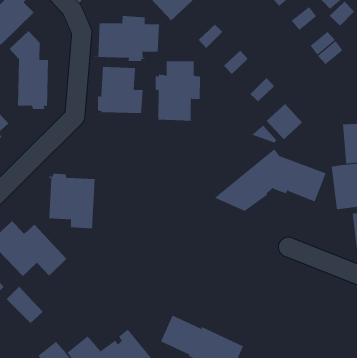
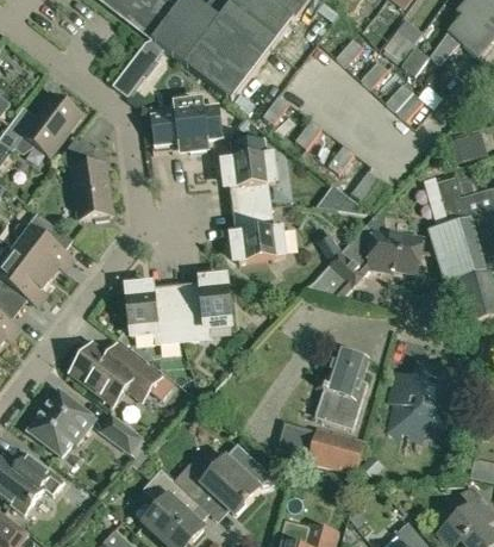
building: [97,67,143,115] -> [233,205,284,262]
building: none -> [176,275,232,340]
building: none -> [315,347,370,428]
building: none -> [387,365,457,437]

